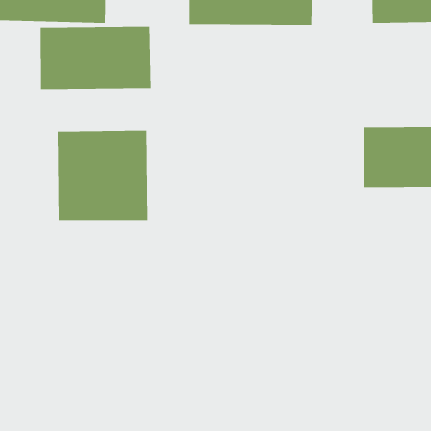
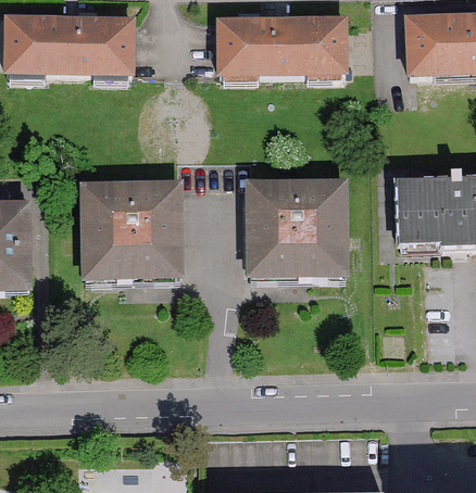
building: [39,26,152,90] -> none
building: none -> [248,179,352,277]

